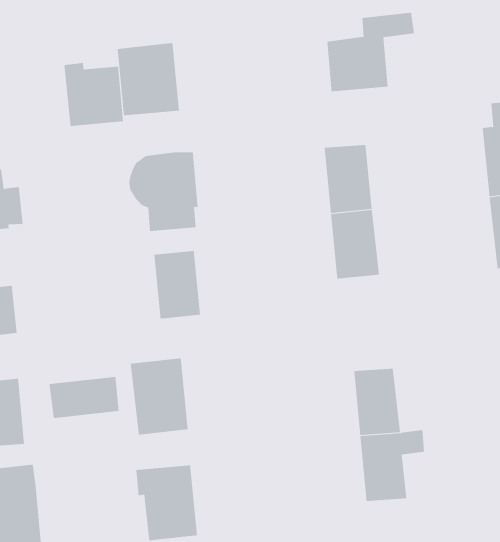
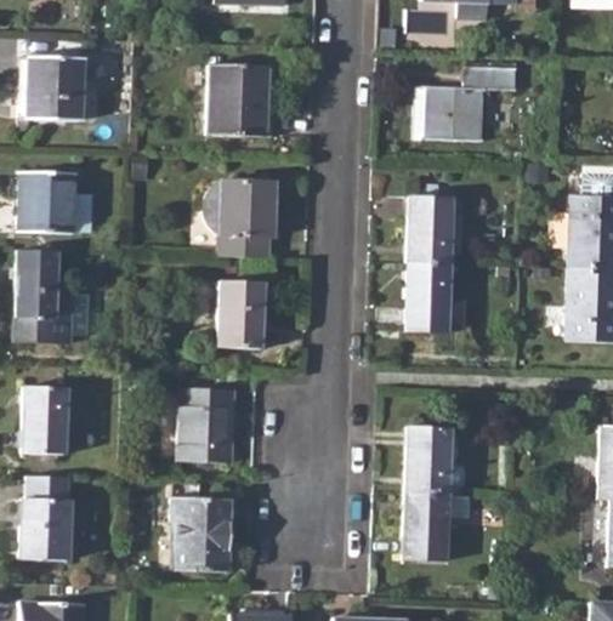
building: [64,62,124,127] -> none
building: [49,376,119,419] -> none

